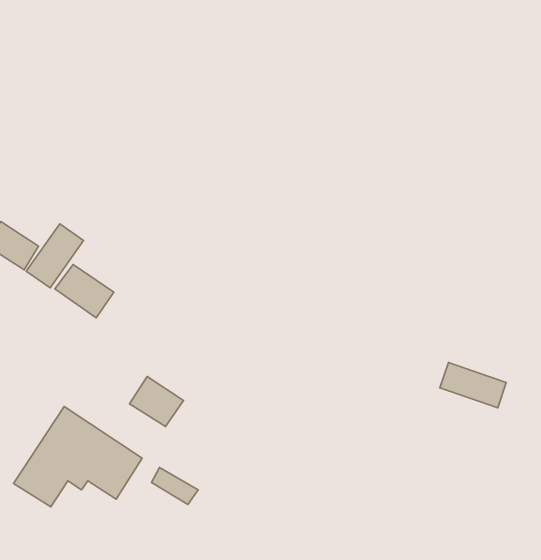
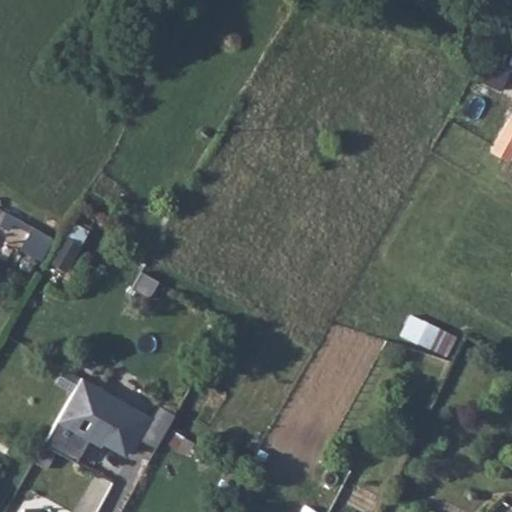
building: [55,264,114,318] -> none
building: [130,377,183,426] -> none

